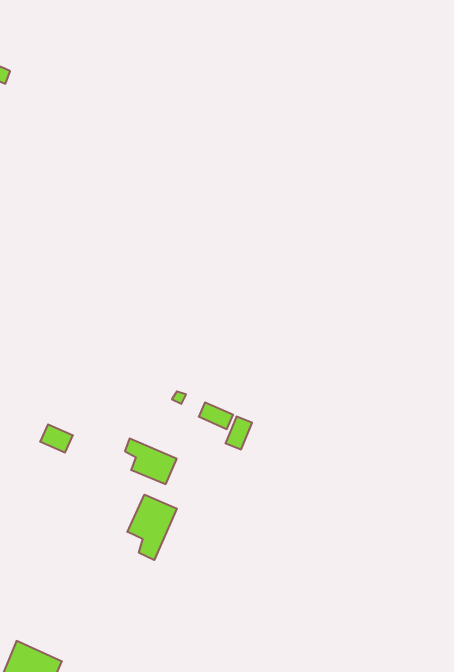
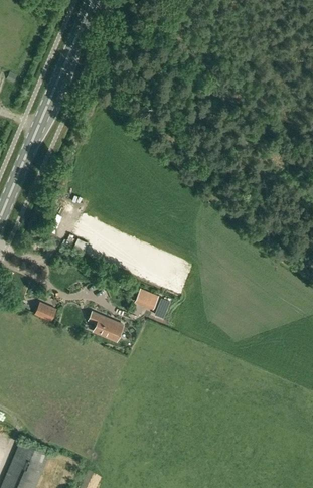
building: [127,495,177,560] -> none

